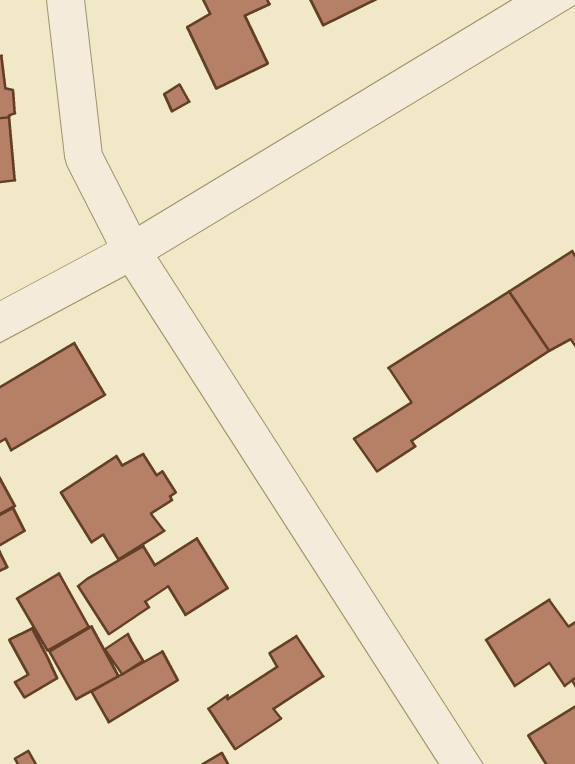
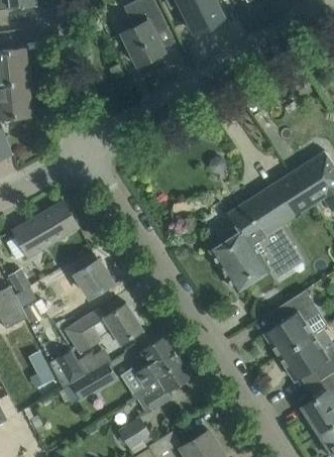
building: none -> [222,228,301,291]
building: none -> [264,290,314,356]
building: [17,573,89,650] -> none
building: none -> [134,334,180,387]

